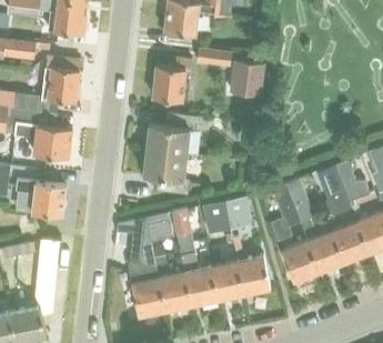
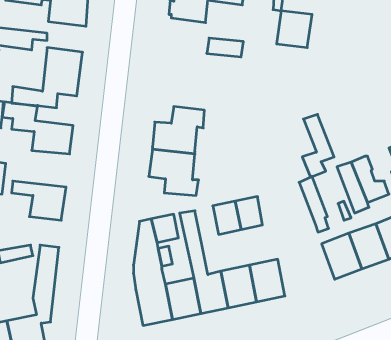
building: [153,60,191,102] -> none
building: [231,61,264,95] -> [277,11,312,48]
building: [270,182,300,241] -> [302,114,334,177]
building: [280,240,318,282] -> none

